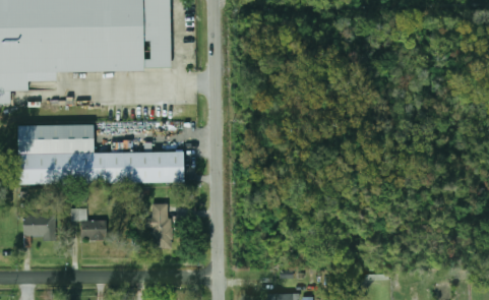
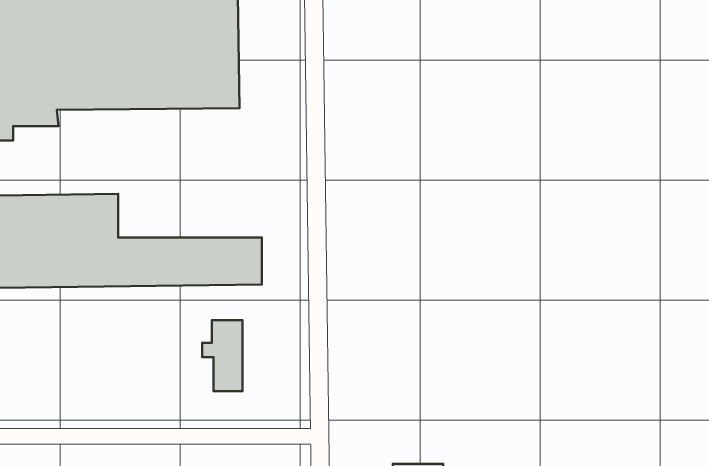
building: [71,207,105,240] -> none
building: [22,215,56,237] -> none

